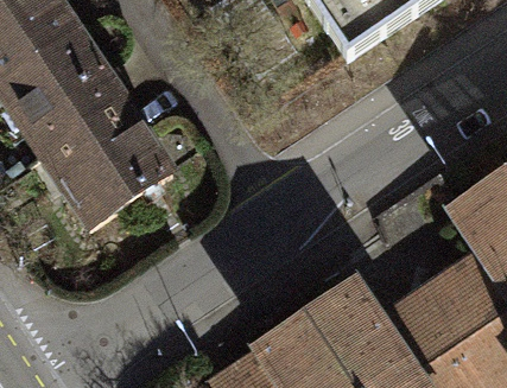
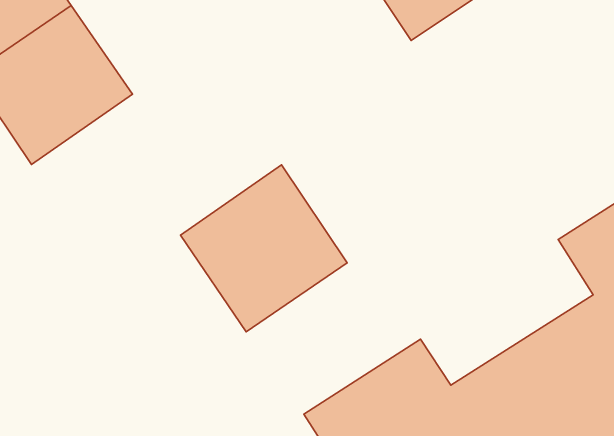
building: [45,94,175,223] -> [180,165,347,332]

